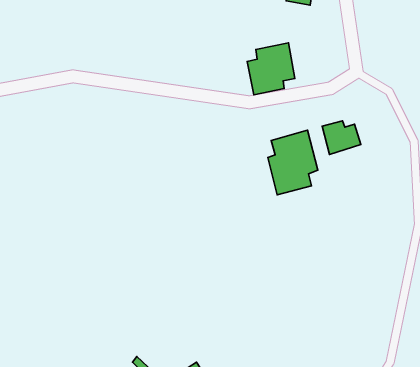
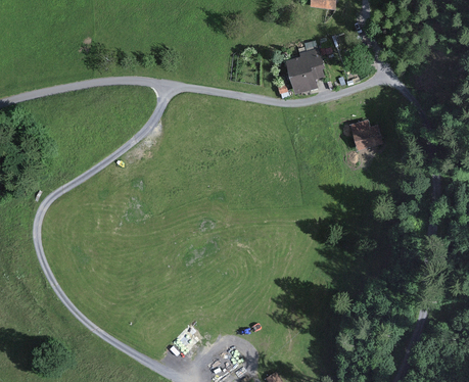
building: [268,130,318,195] -> none

